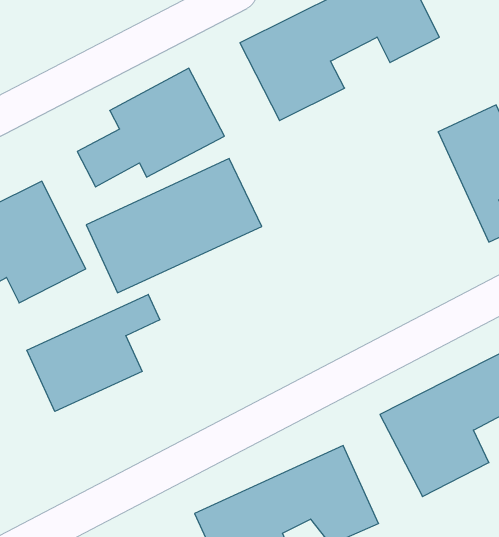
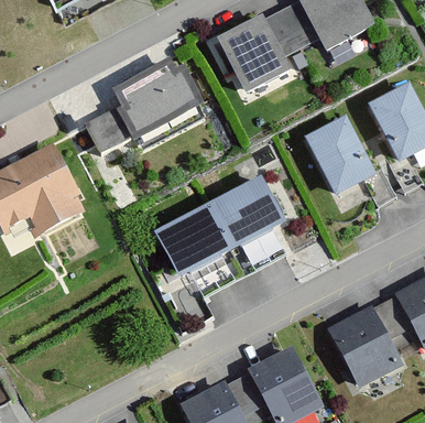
building: none -> [306,118,393,206]
building: [86,159,262,293] -> [153,177,290,282]
building: [27,294,160,411] -> none

